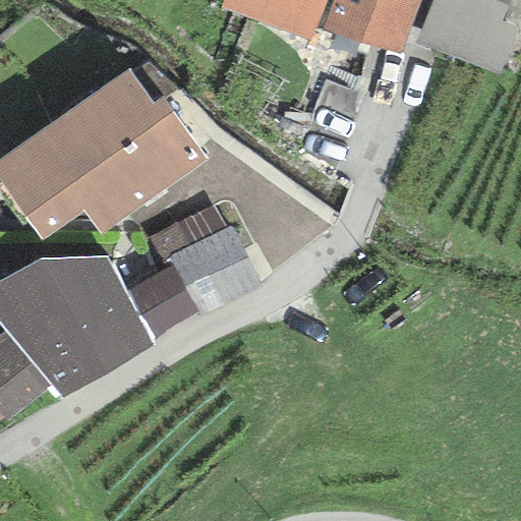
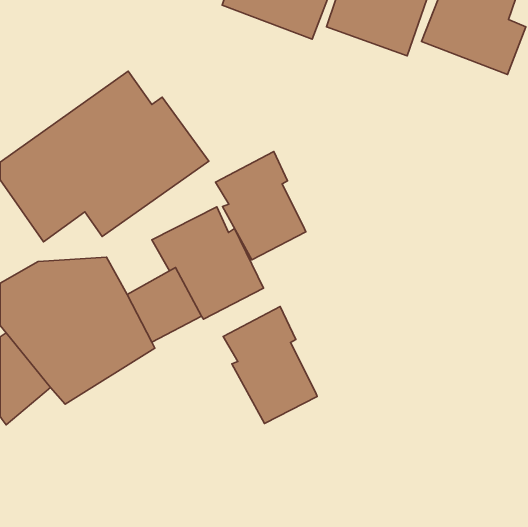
building: none -> [216,151,306,260]
building: none -> [223,307,317,424]

